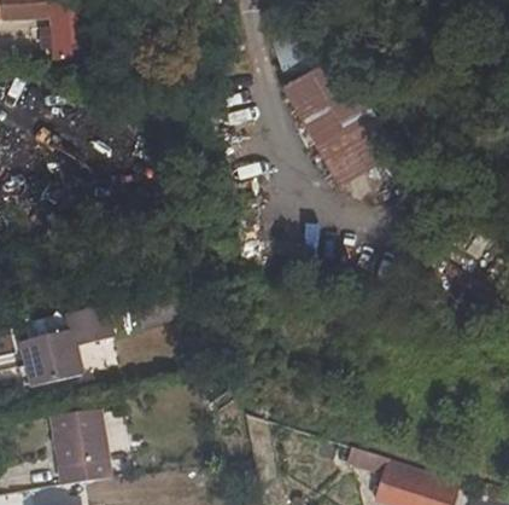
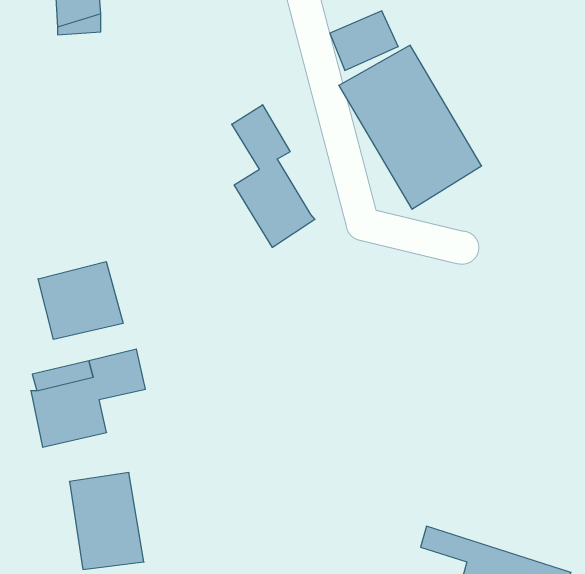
building: none -> [232,105,315,247]
building: none -> [38,262,123,339]

